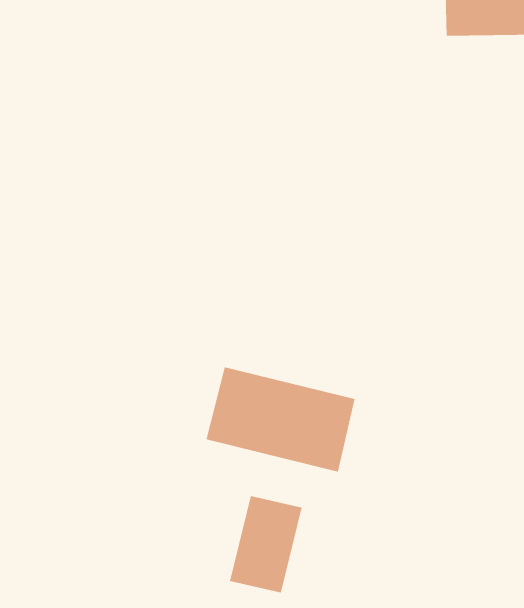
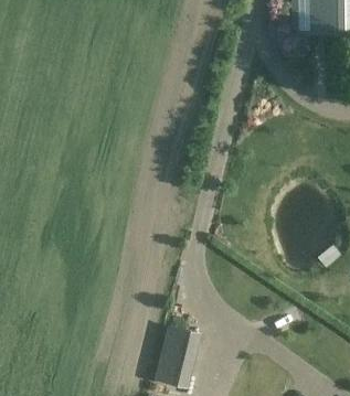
building: [206,367,355,472] -> none

